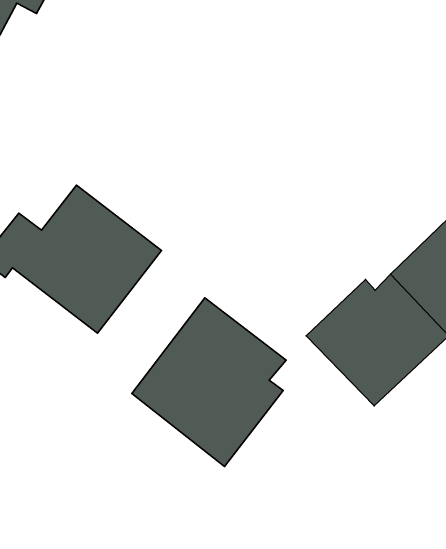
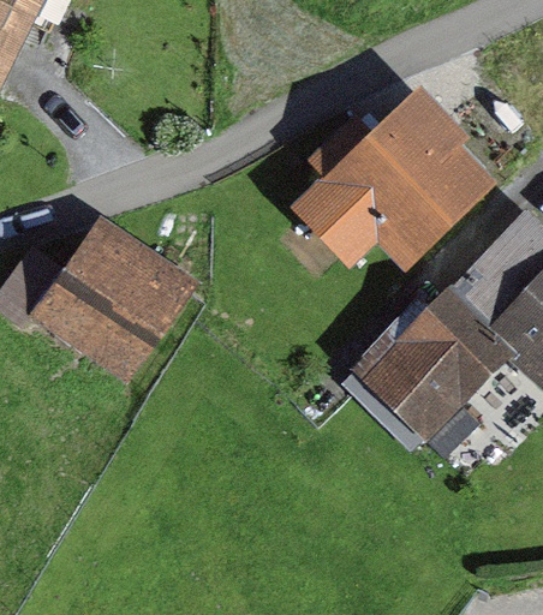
building: none -> [293,92,490,270]
building: [132,298,286,467] -> none

